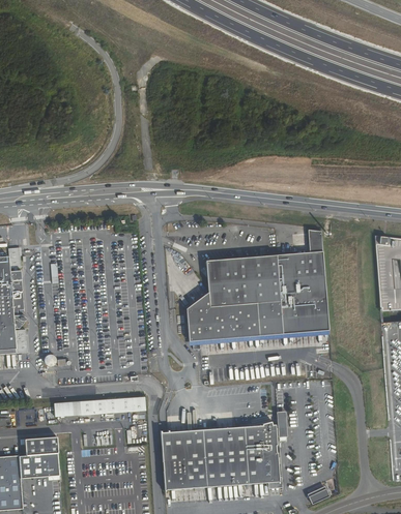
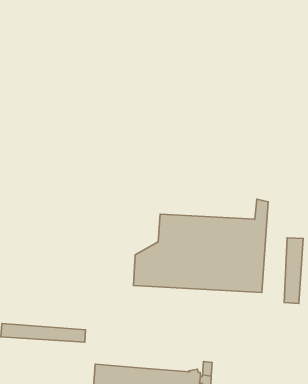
building: none -> [284,238,303,303]

